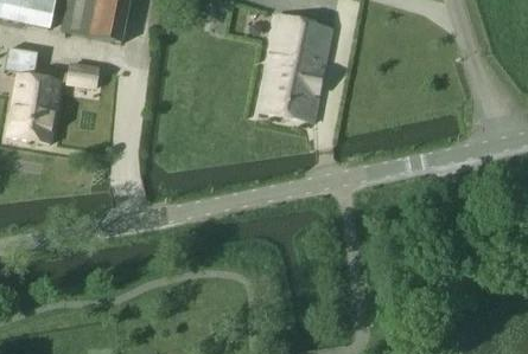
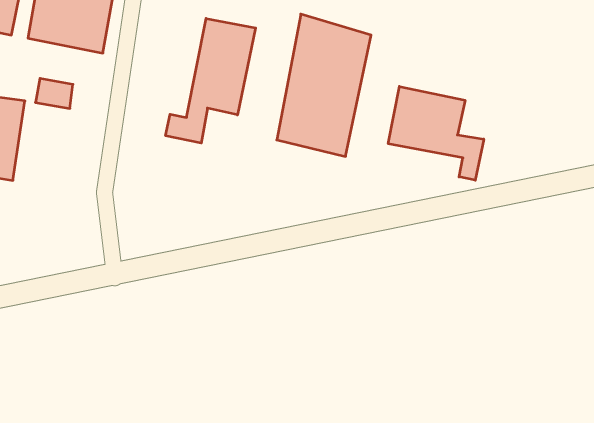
building: none -> [166,18,256,143]
building: none -> [388,86,484,180]

